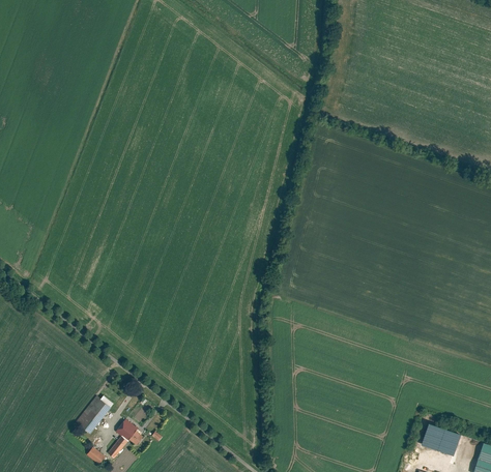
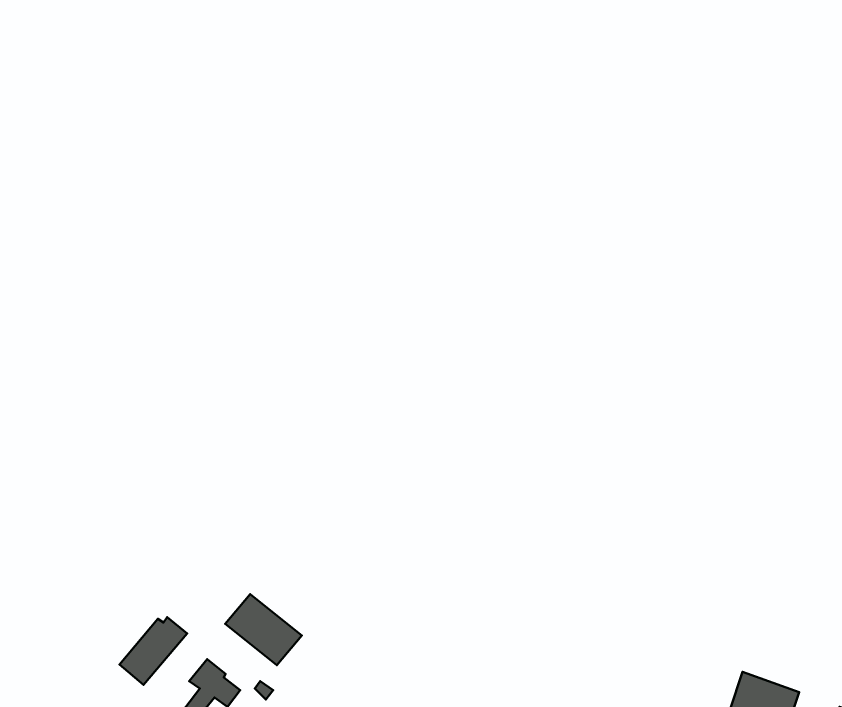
building: none -> [225,594,302,665]

